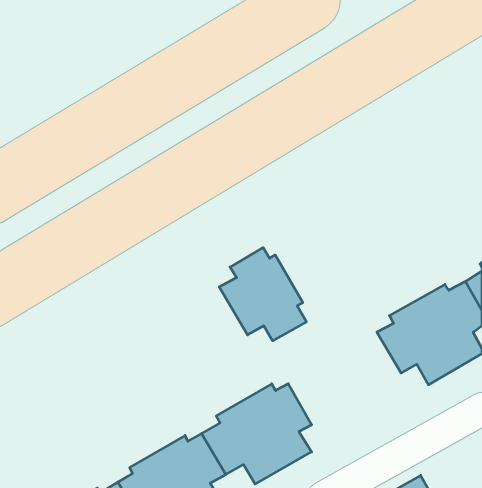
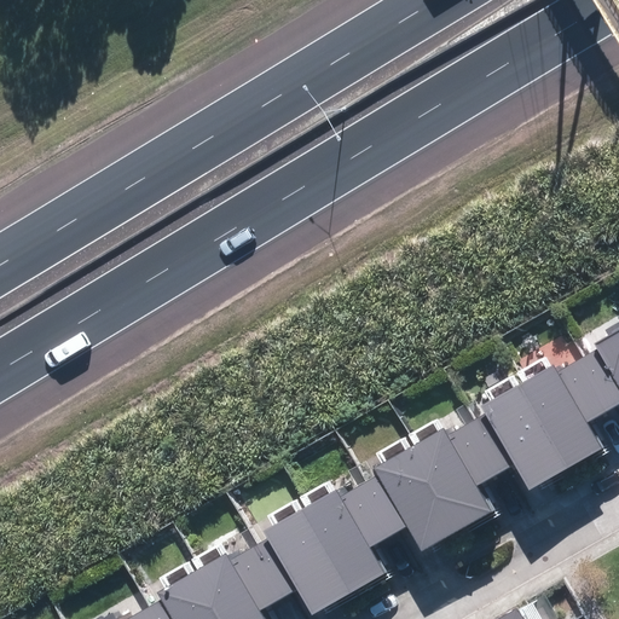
building: [219,248,306,341] -> none
building: none -> [358,424,498,550]

